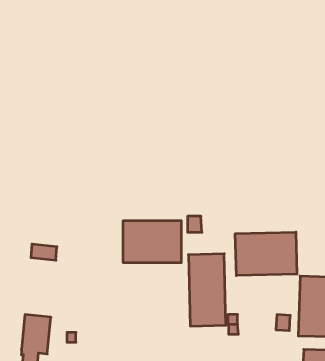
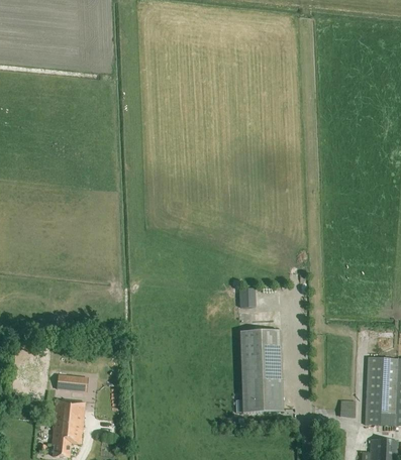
building: [123,221,181,263] -> none
building: [235,232,297,276] -> none
building: [31,244,57,260] -> [58,374,87,392]

